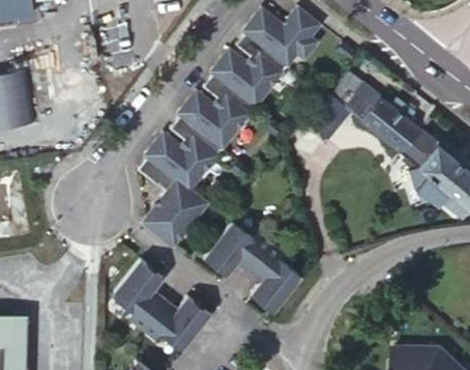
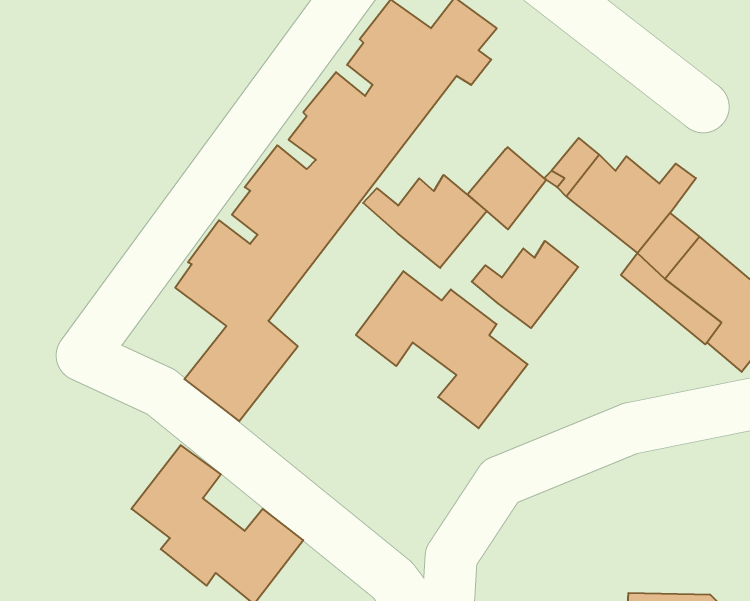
building: none -> [363,175,487,268]
building: none -> [472,241,578,328]
building: [207,222,304,311] -> [356,271,528,428]

